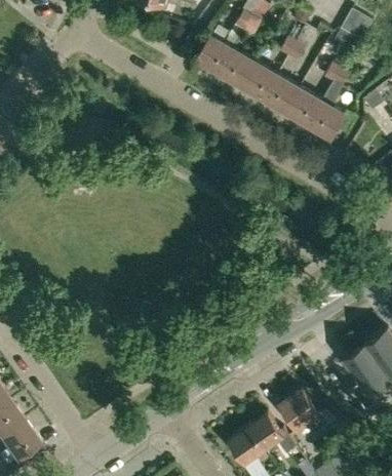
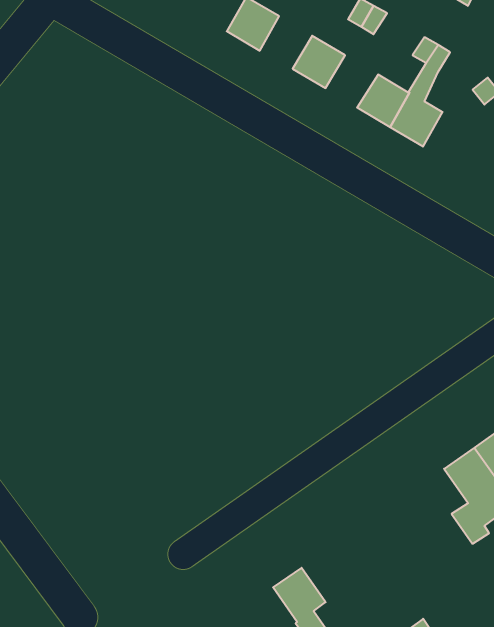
building: [219,48,254,84] -> none
building: [264,75,300,111] -> none
building: [277,389,335,434] -> none
building: [247,412,297,453] -> none

